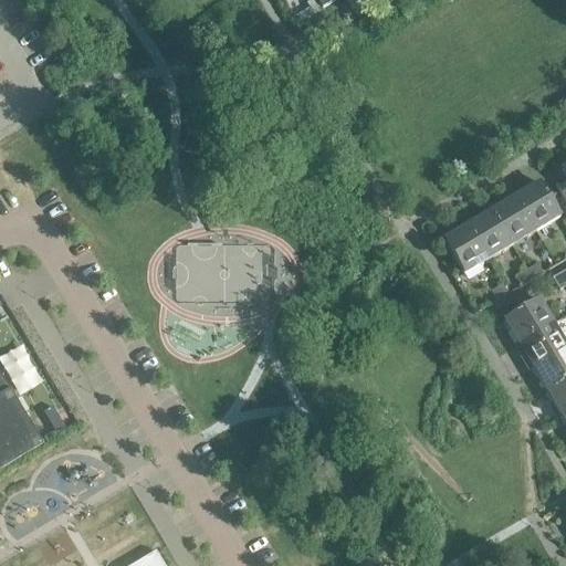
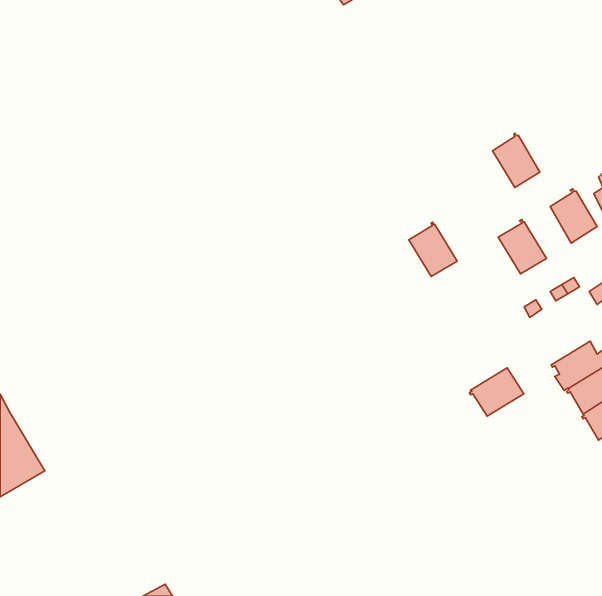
building: [492,191,536,242] -> [493,133,540,187]
building: [443,220,489,271] -> [409,222,457,276]
building: [503,295,554,340] -> [469,368,524,416]

